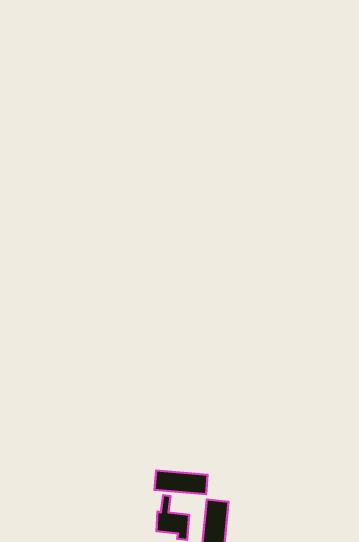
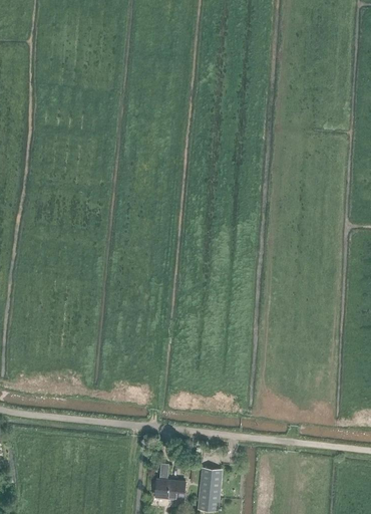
building: [155,470,208,494] -> none

